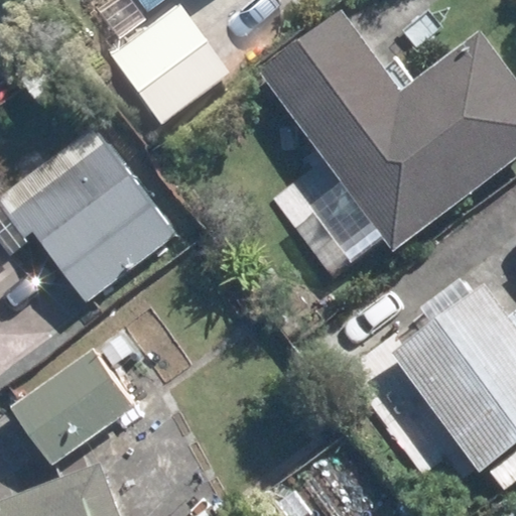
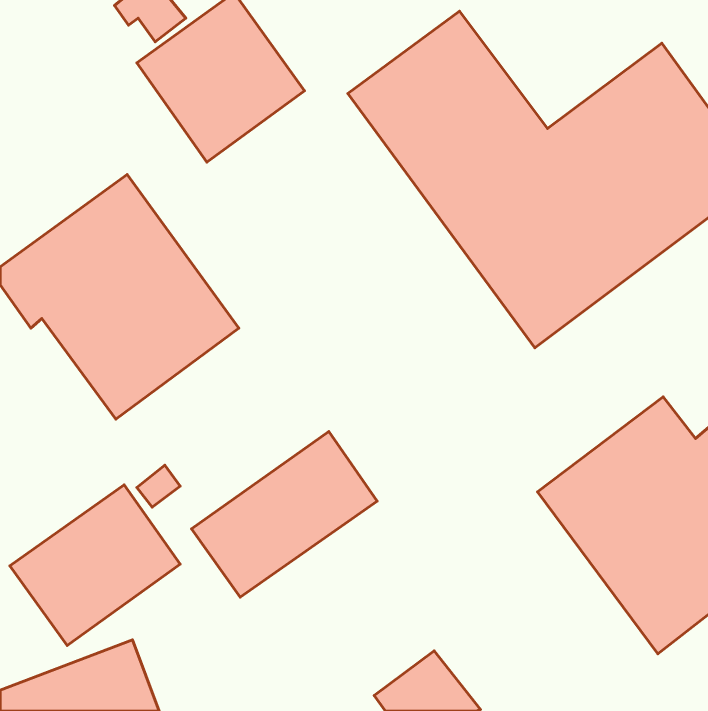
building: none -> [191,432,377,597]

